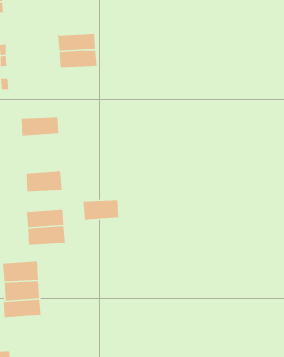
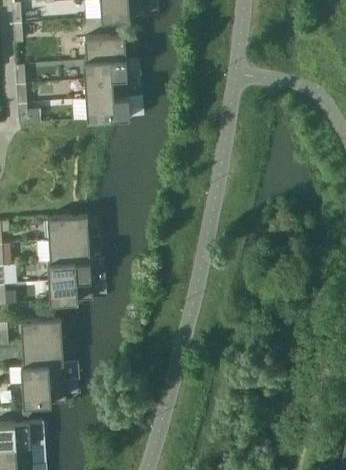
building: none -> [85,37,127,62]
building: [21,116,59,136] -> [87,98,131,121]
building: [82,200,119,221] -> [49,240,91,264]
building: none -> [23,383,67,407]

